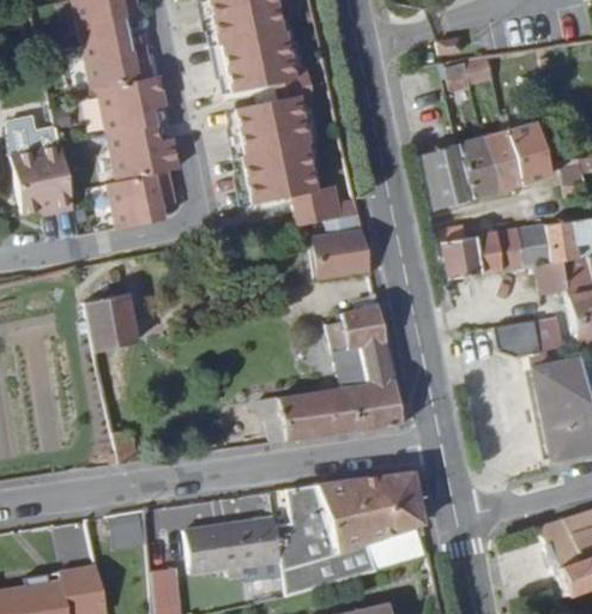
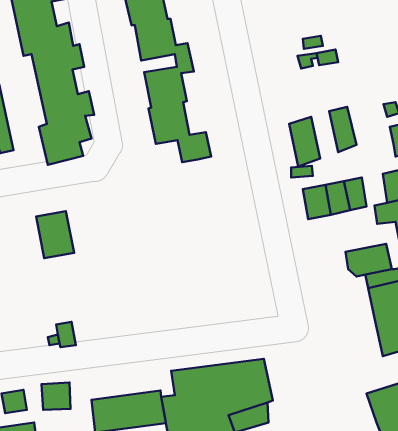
building: [513,132,557,193] -> none
building: [465,149,501,211] -> none
building: [300,205,363,276] -> none
building: [532,231,566,275] -> none
building: [266,297,394,443] -> none

